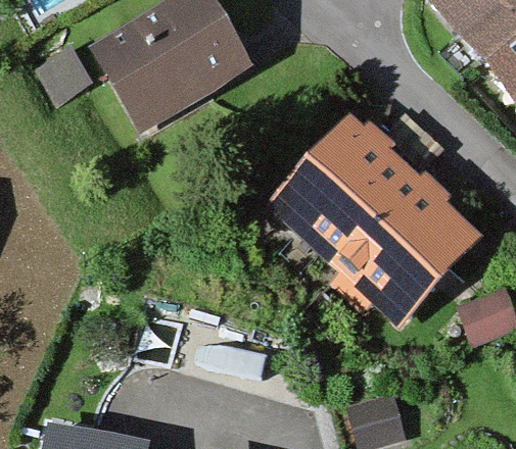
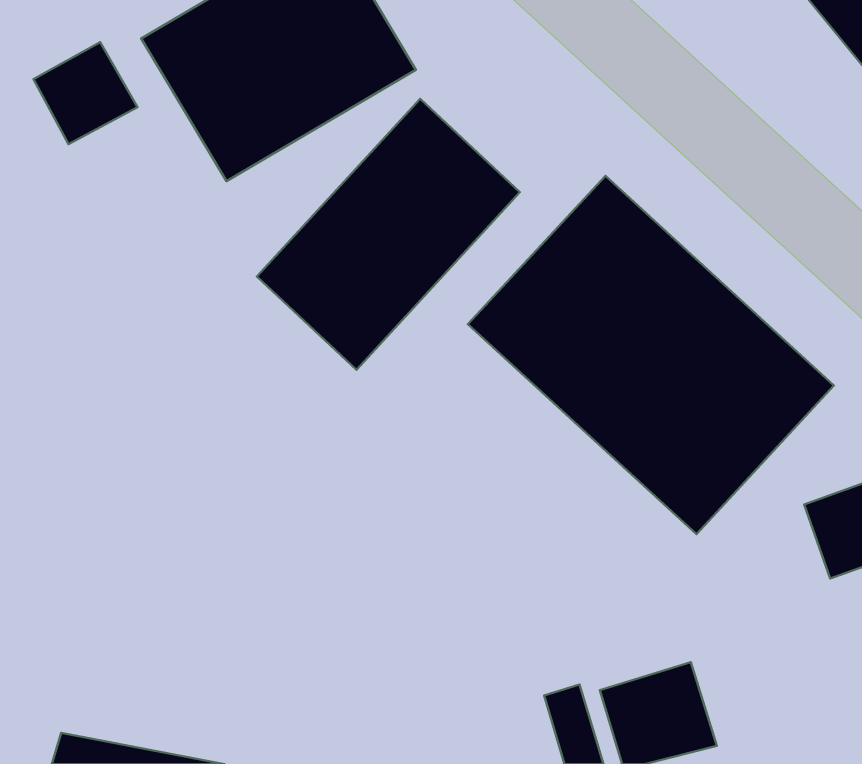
building: none -> [257,99,520,370]

